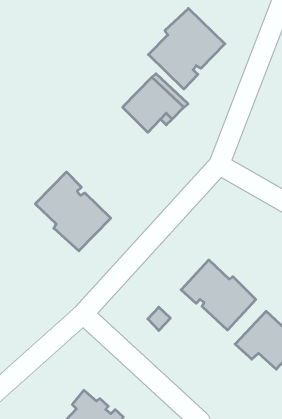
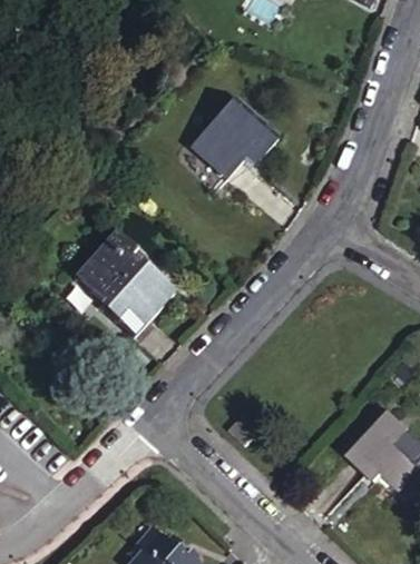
building: [148,8,225,89] -> none
building: [181,260,256,330] -> none

